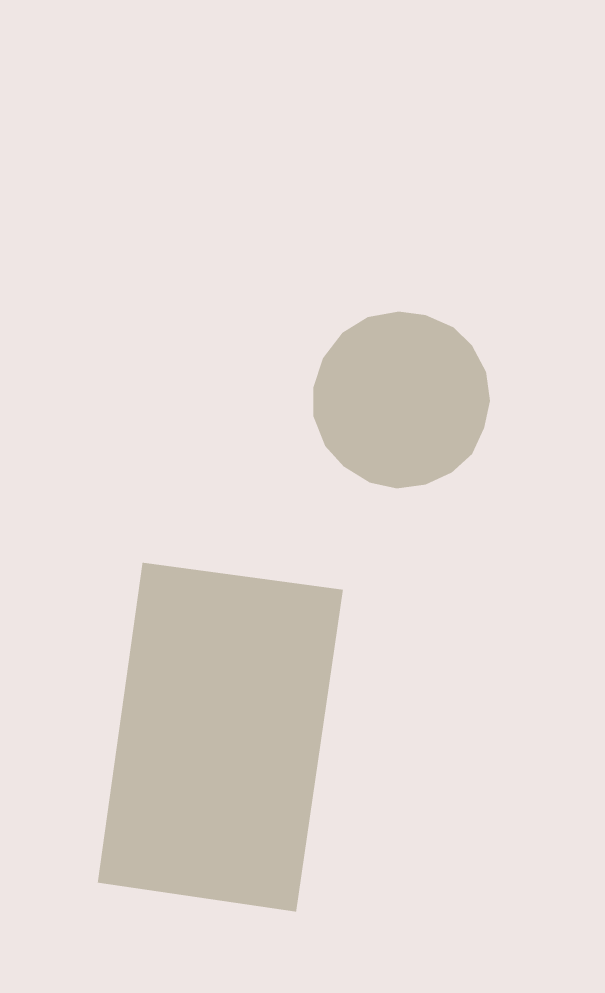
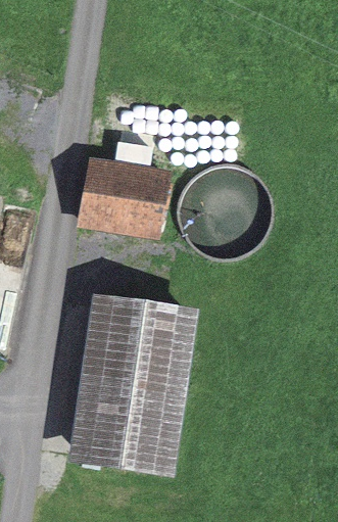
building: none -> [79,155,173,238]

